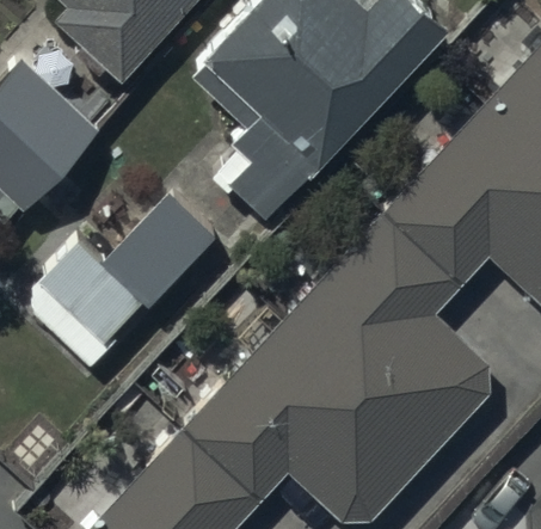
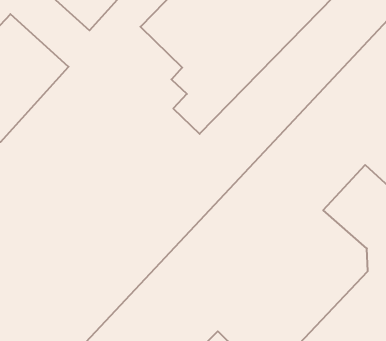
building: [13,179,211,359] -> none

